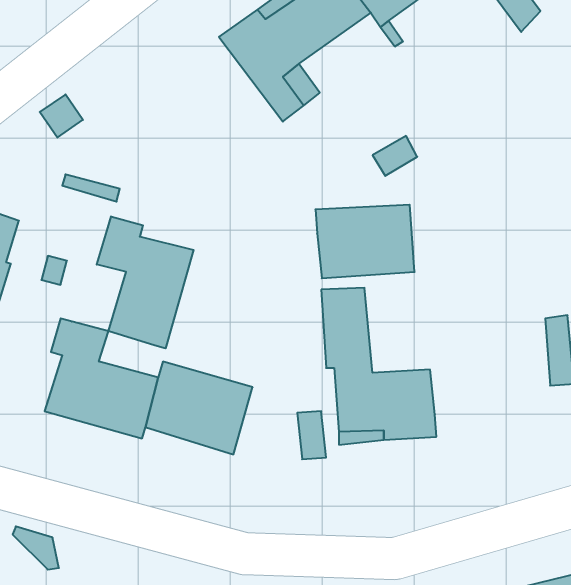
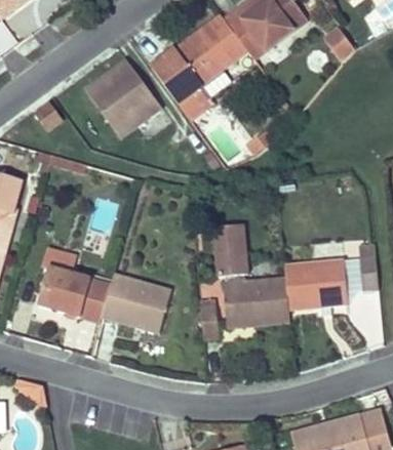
building: none -> [85,58,162,137]
building: [315,205,415,278] -> [284,260,348,308]
building: [97,216,194,348] -> none

